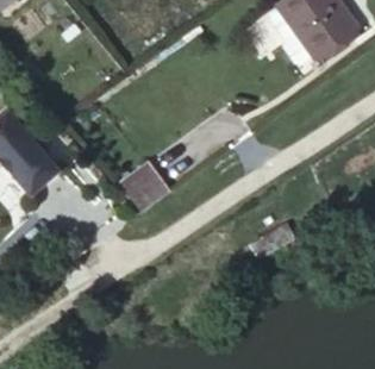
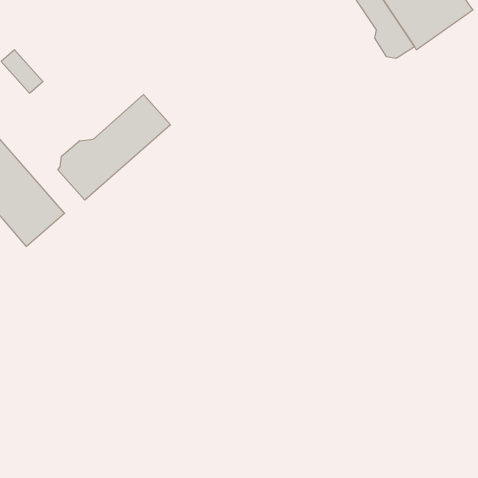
building: none -> [58,95,171,200]
building: [120,160,170,209] -> none

